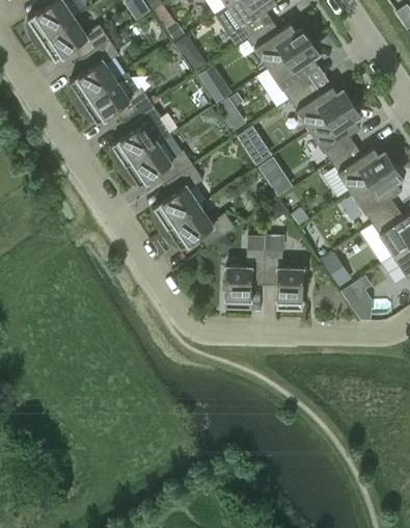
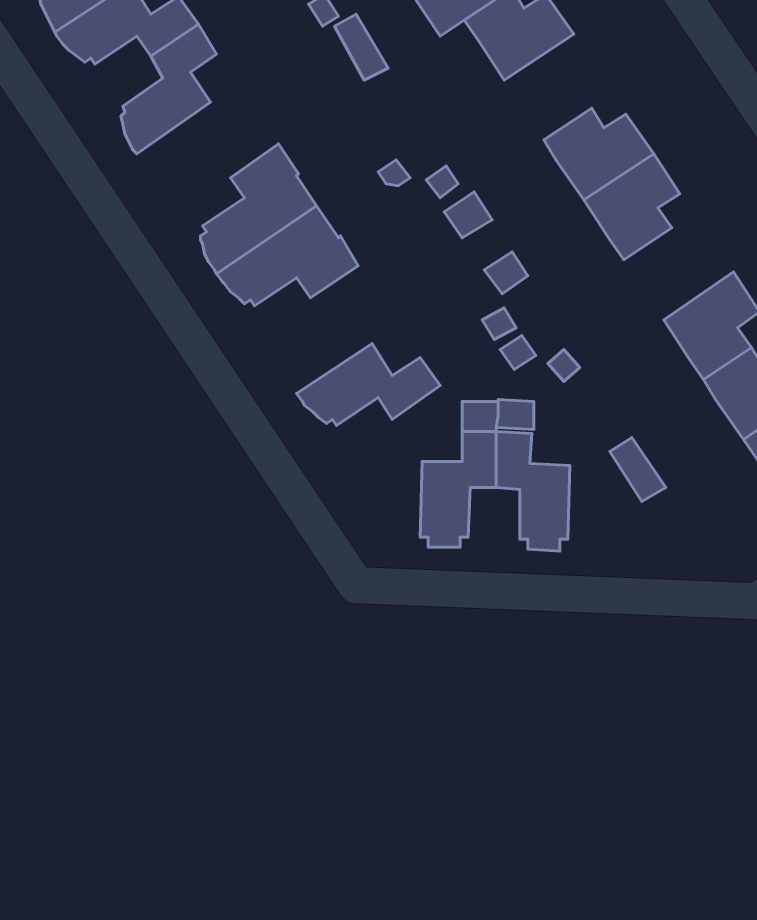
building: [269,44,319,99] -> none
building: [199,65,230,101] -> none
building: [78,72,152,122] -> none
building: [331,144,388,192] -> none
building: [153,164,203,231] -> none
building: [344,275,373,310] -> none

